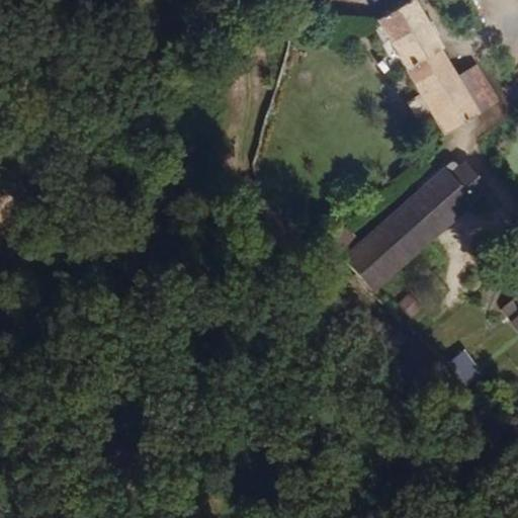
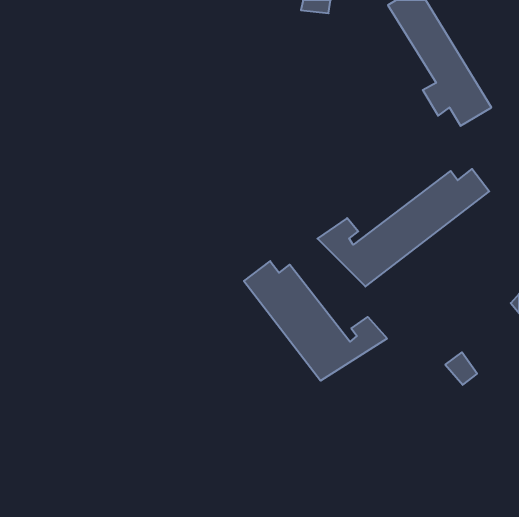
building: none -> [244,261,387,381]

